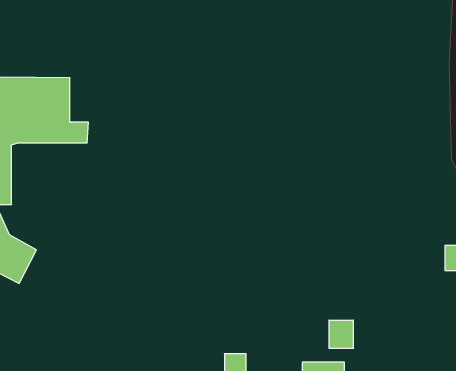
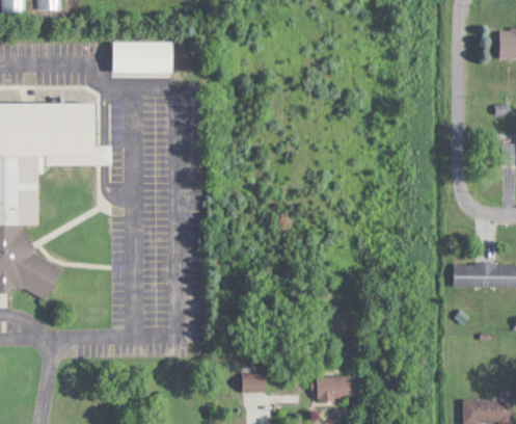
building: none -> [112,42,172,73]
building: [329,320,353,348] -> none

